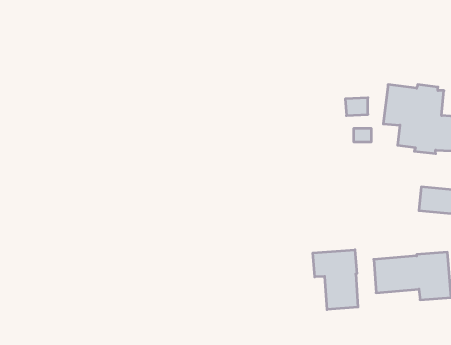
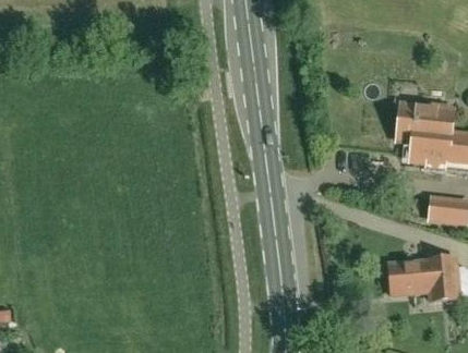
building: [313,250,358,310] -> none

